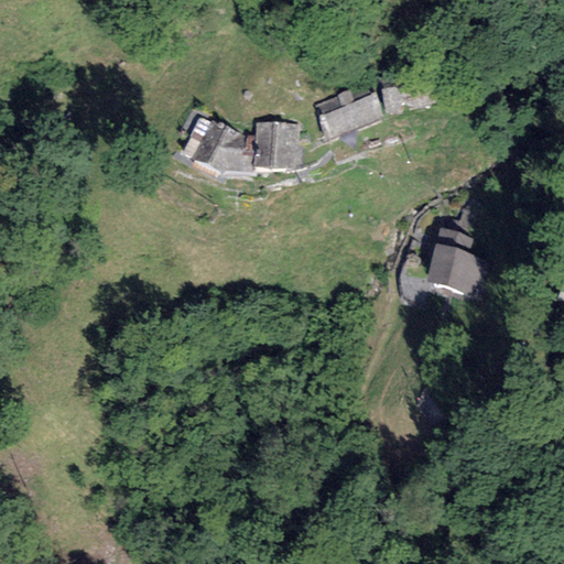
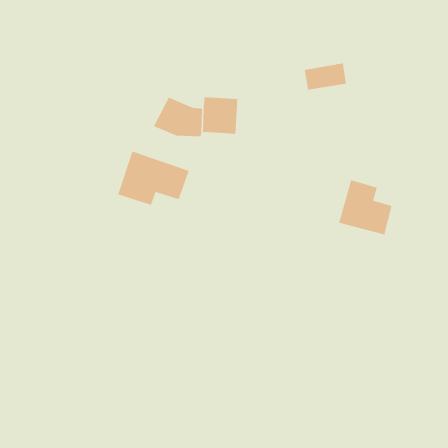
building: [314,90,380,139] -> none
building: none -> [117,150,190,206]

